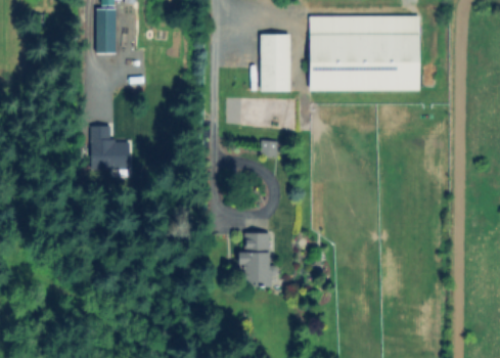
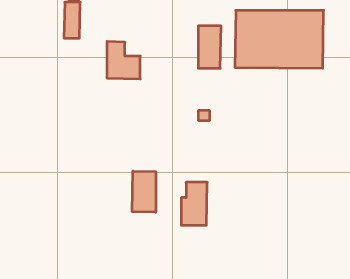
building: [87,122,129,169] -> [107,41,140,79]
building: none -> [132,171,156,212]

